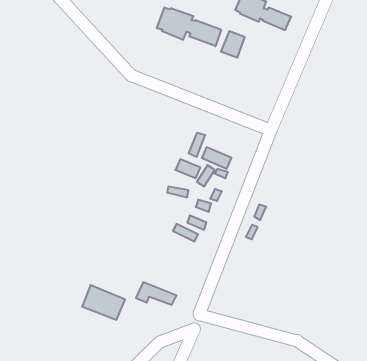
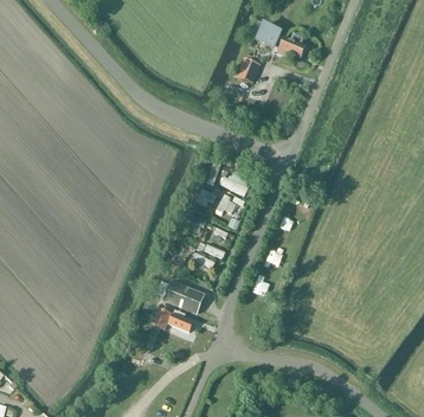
building: [157,7,221,46] -> none
building: [82,285,125,320] -> [163,280,206,314]

